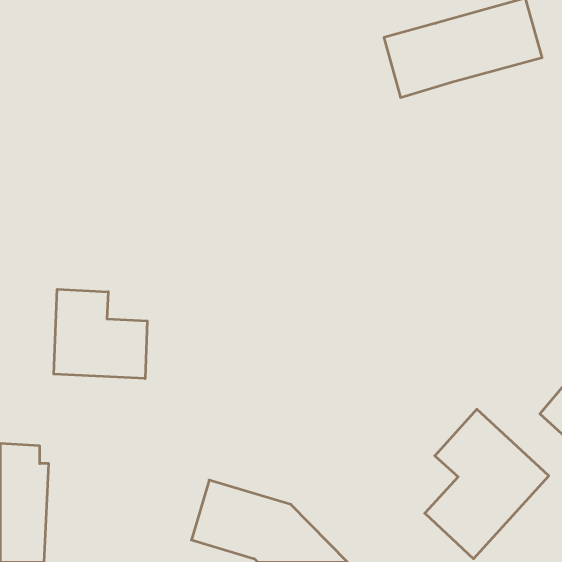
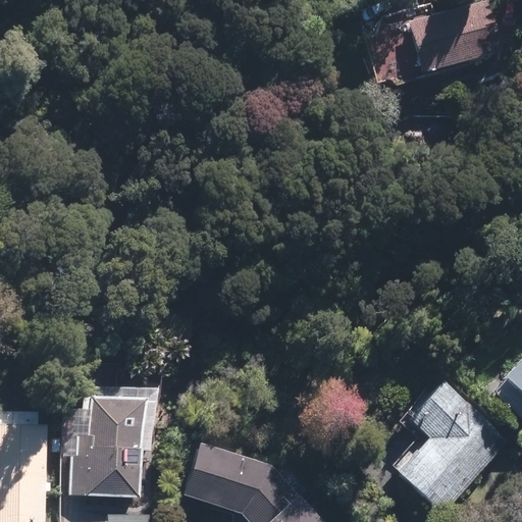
building: [54,289,147,379] -> none
building: none -> [61,388,155,499]

